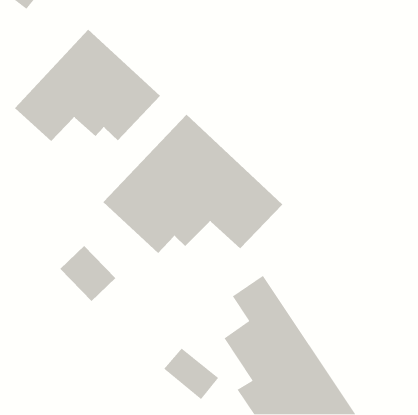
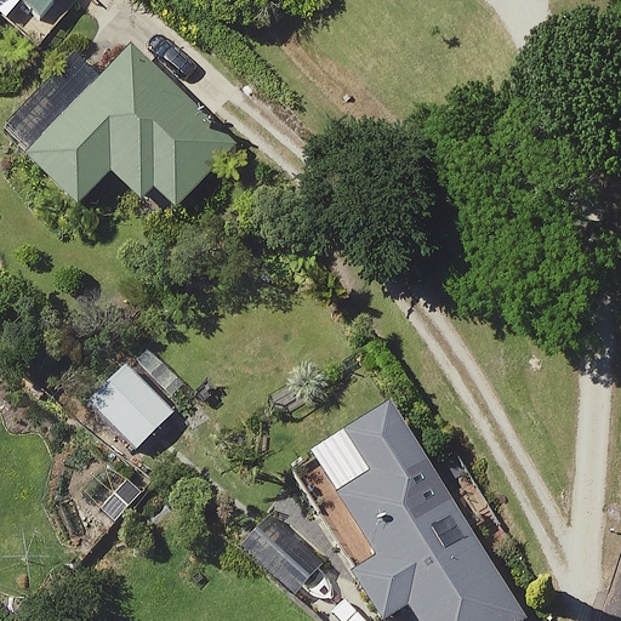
building: [103,114,283,254] -> none

